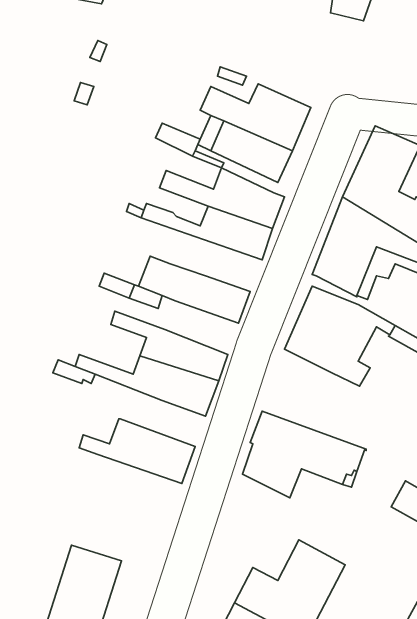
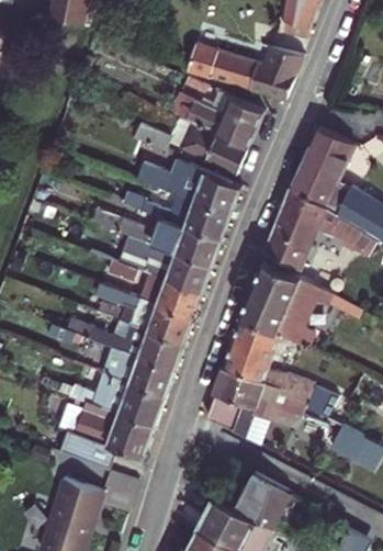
building: none -> [187,44,303,100]
building: none -> [91,210,222,266]
building: none -> [140,273,202,318]
building: none -> [222,314,330,413]
building: none -> [103,348,174,395]
building: none -> [59,402,155,469]

